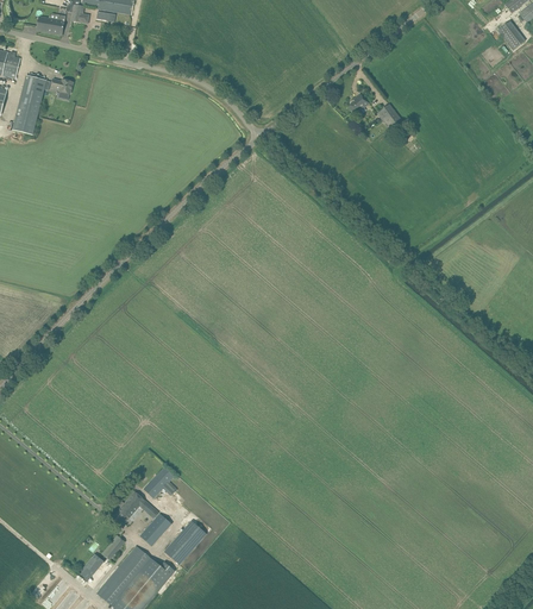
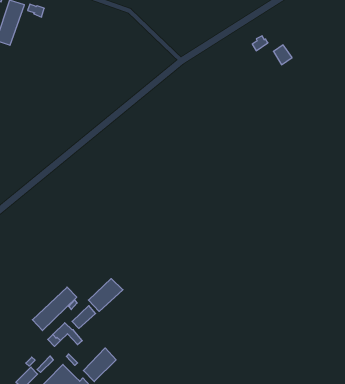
building: none -> [88,279,123,311]
building: none -> [32,287,77,331]

